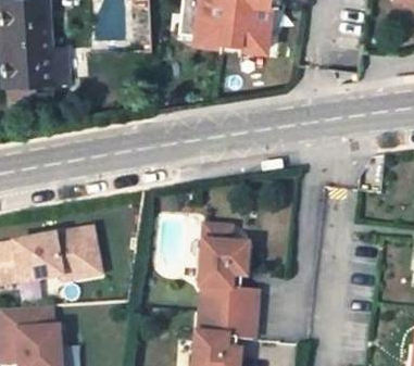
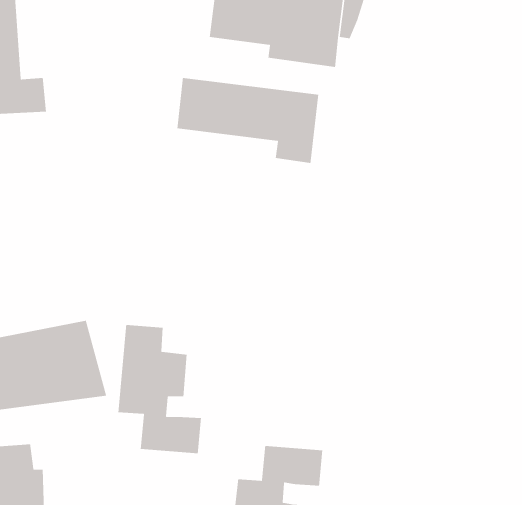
building: none -> [177,77,319,164]
building: [201,225,259,314] -> [118,324,202,454]

